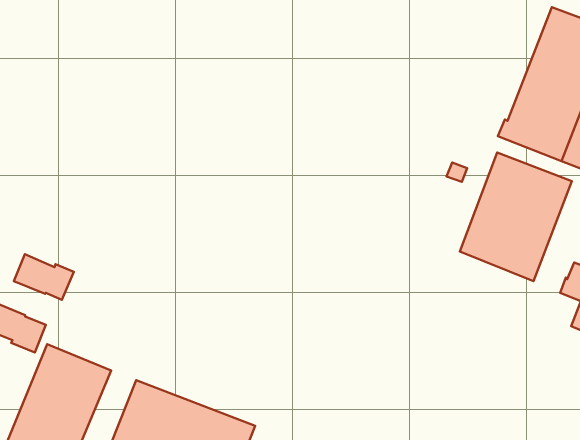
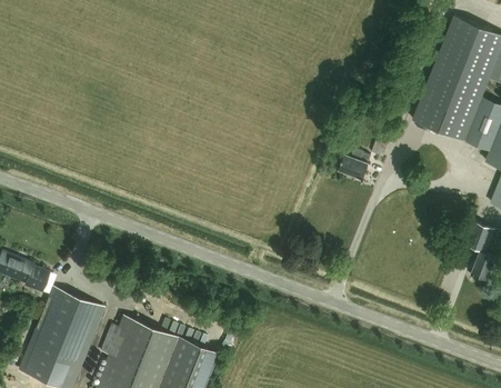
building: [460,152,572,281] -> none
building: none -> [339,152,370,179]
building: [14,254,74,300] -> none

